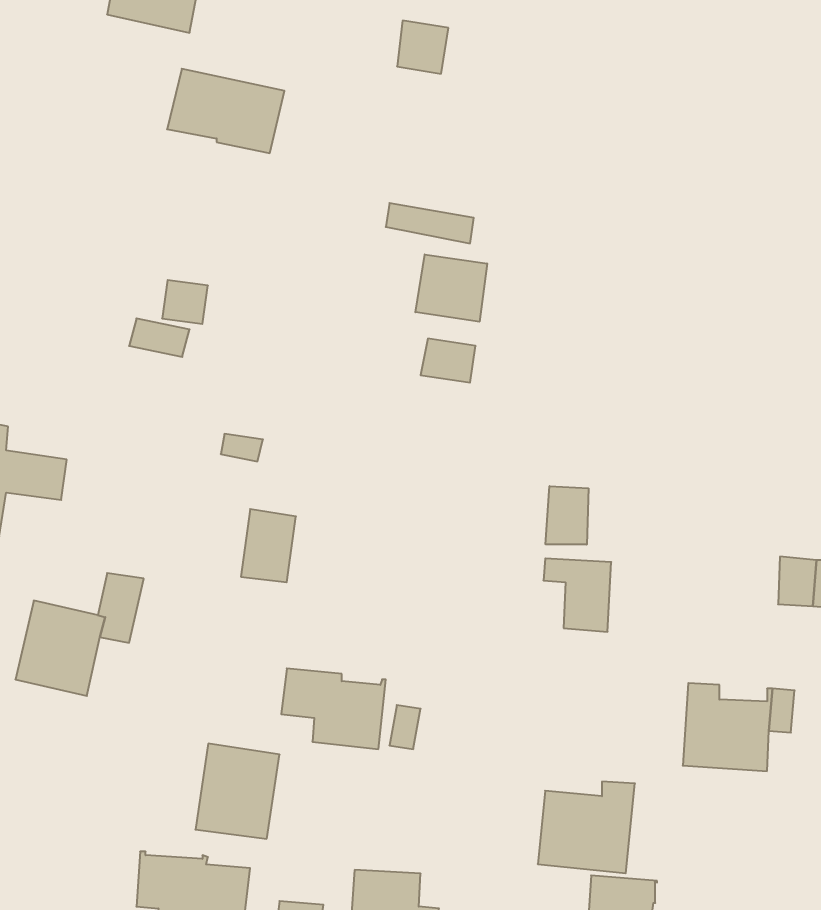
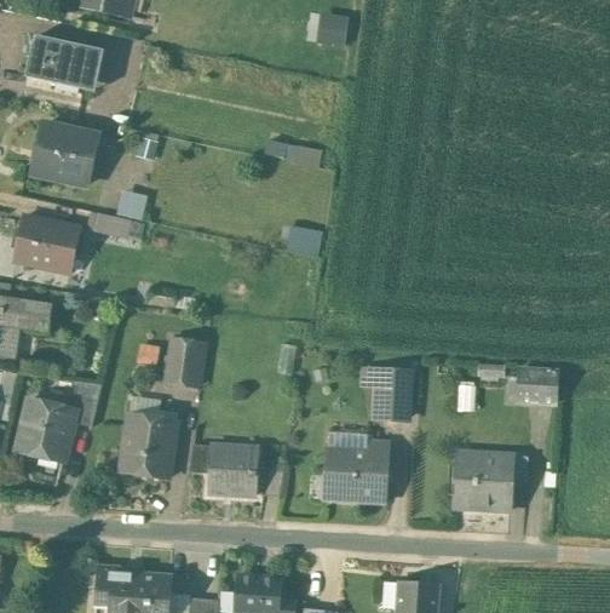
building: [397,21,448,74] -> [311,8,345,44]
building: [167,69,284,153] -> [25,35,103,91]
building: none -> [35,127,96,185]
building: [415,254,487,322] -> none
building: none -> [16,218,76,269]
building: [546,486,588,545] -> none
building: [195,744,280,839] -> [120,414,175,477]
building: [538,782,635,873] -> [323,443,387,504]

